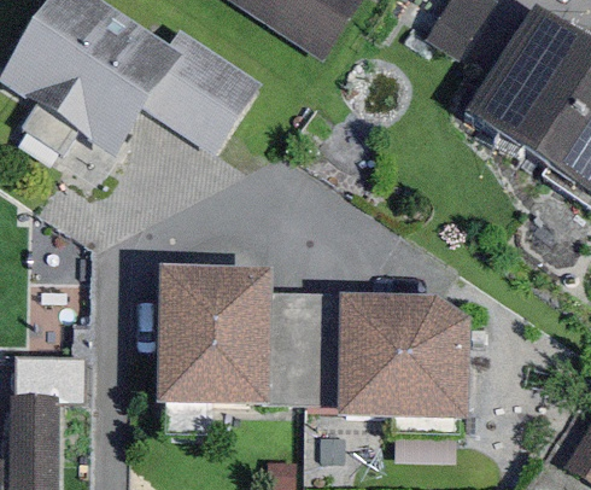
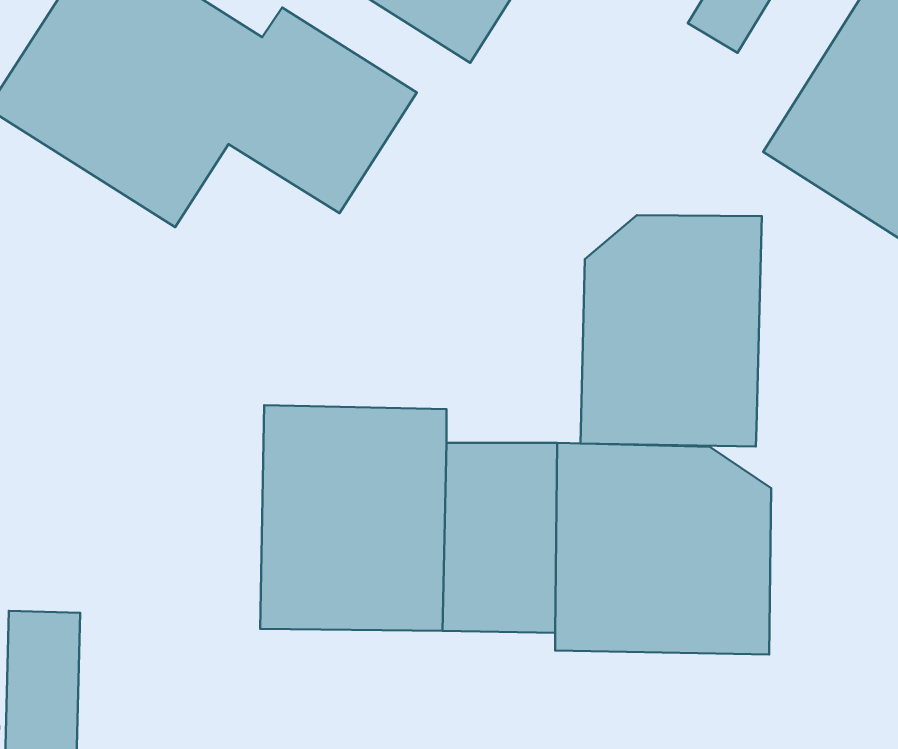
building: none -> [581,215,762,447]

